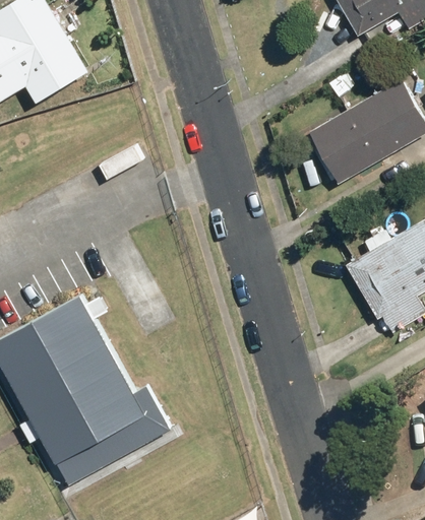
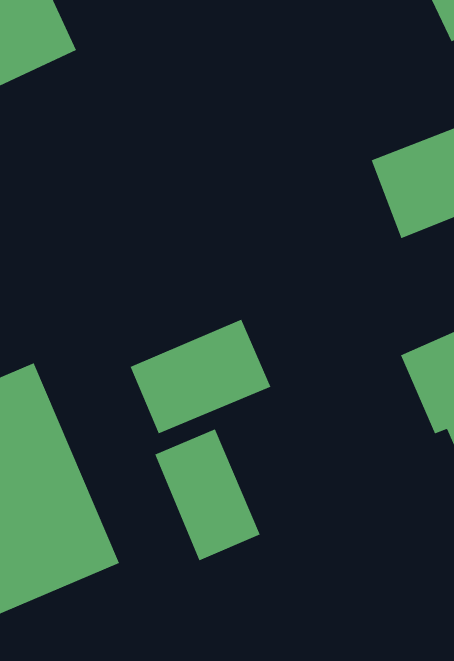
building: none -> [130,319,271,434]
building: none -> [155,429,260,561]

